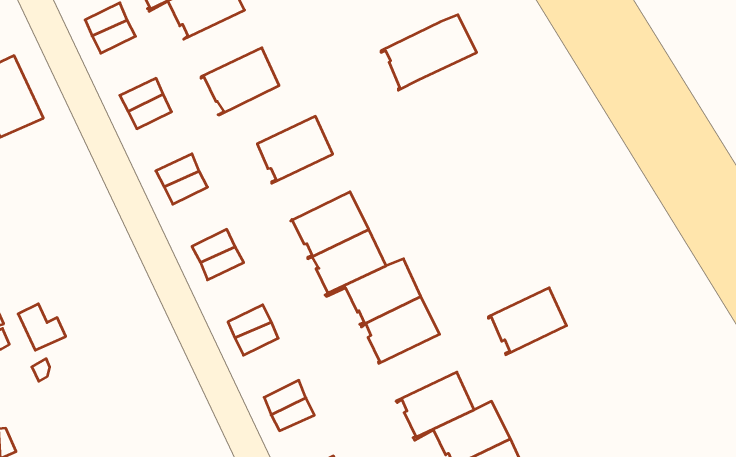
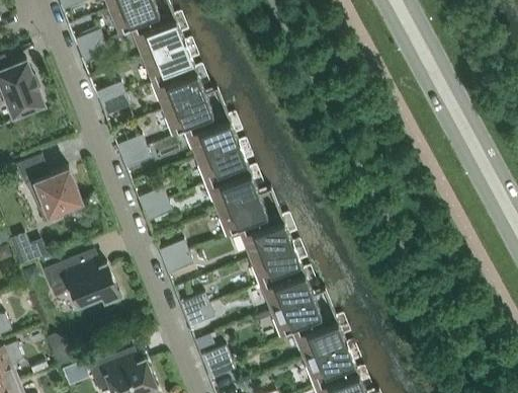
building: none -> [142,41,194,84]
building: [381,15,477,90] -> [163,89,228,138]
building: none -> [195,142,248,185]
building: none -> [16,155,82,223]
building: [488,288,567,355] -> [260,268,313,312]
building: none -> [46,258,120,306]

